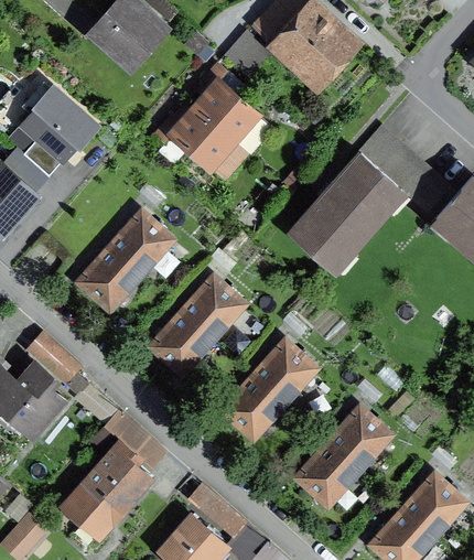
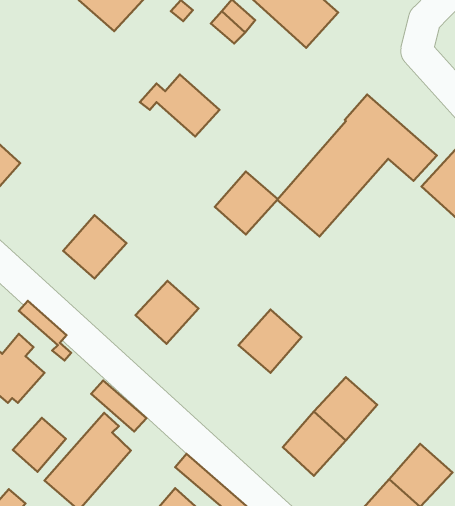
building: [194,64,257,142] -> none
building: [23,88,96,176] -> none
building: [109,212,172,274] -> none
building: [182,277,245,340] -> [215,171,278,235]
building: [222,376,284,439] -> none
building: none -> [13,418,66,472]

